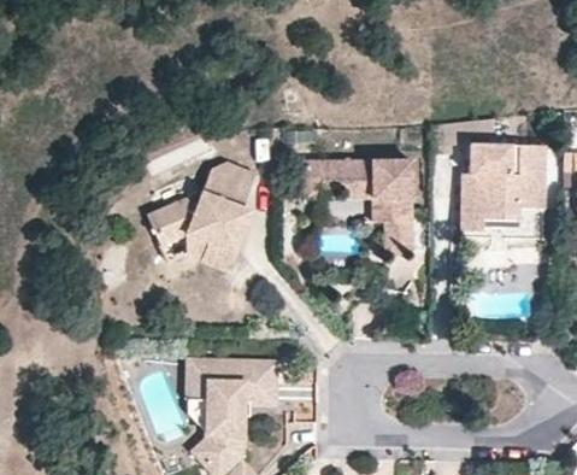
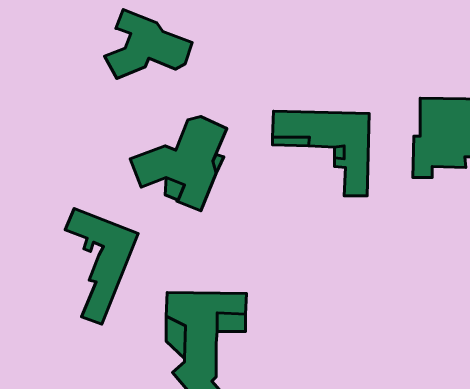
building: none -> [105,10,192,79]
building: none -> [65,208,138,324]

